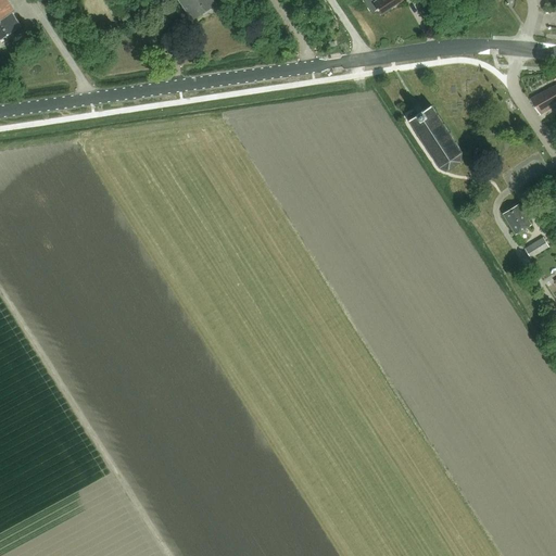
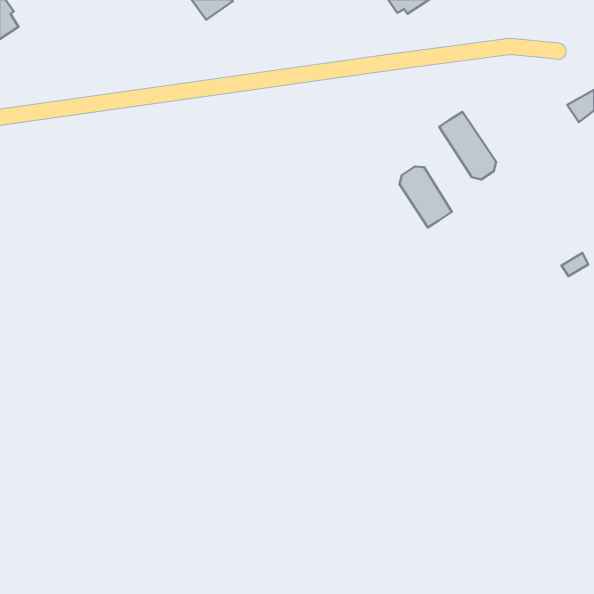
building: none -> [399,166,452,228]
building: [503,203,531,233] -> none

